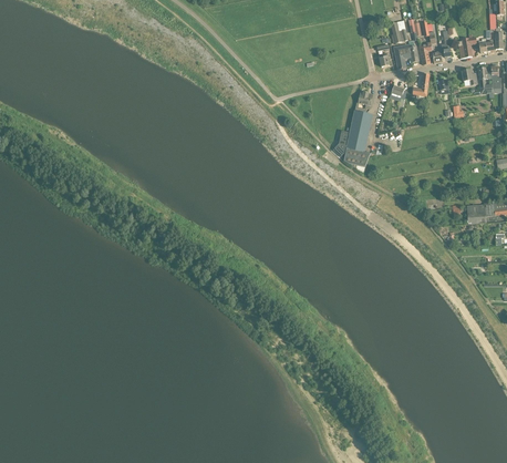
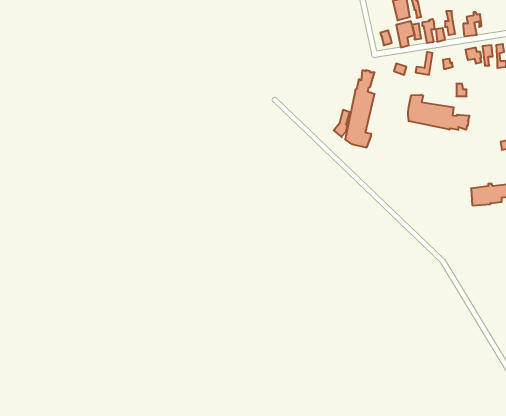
building: none -> [408,95,469,130]

